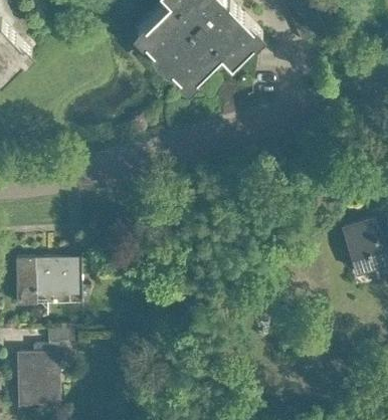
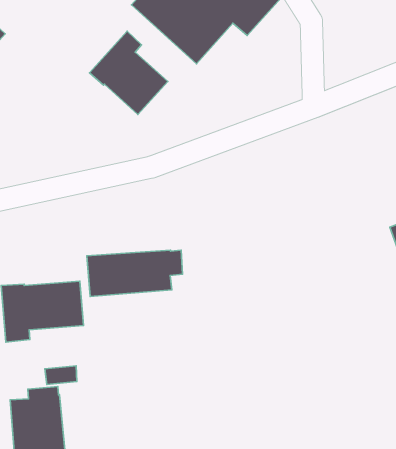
building: none -> [89,31,168,114]
building: none -> [87,250,183,297]

